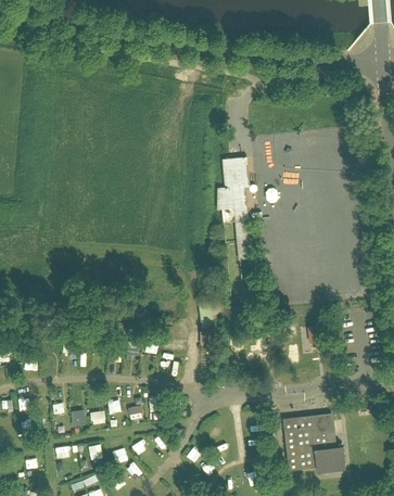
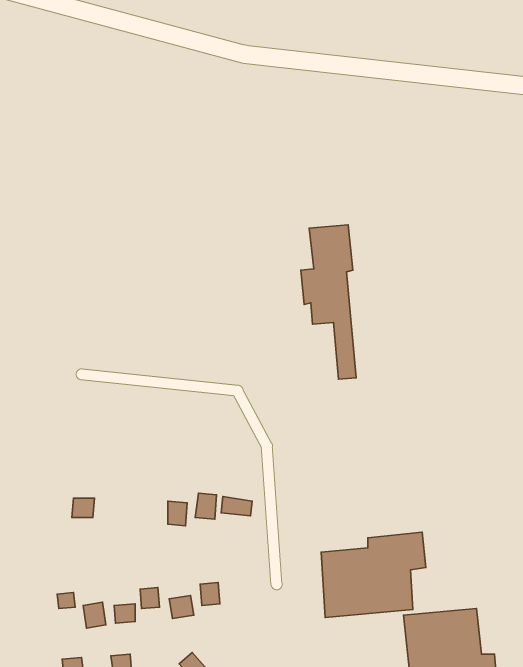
building: none -> [321,532,426,617]

